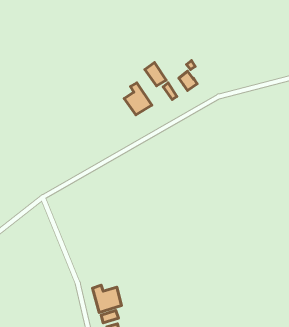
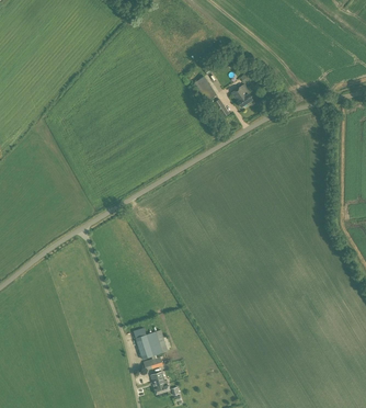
building: [124,83,152,115] -> none

